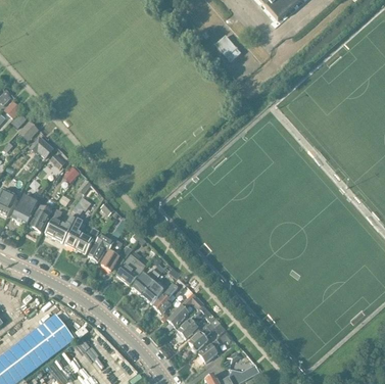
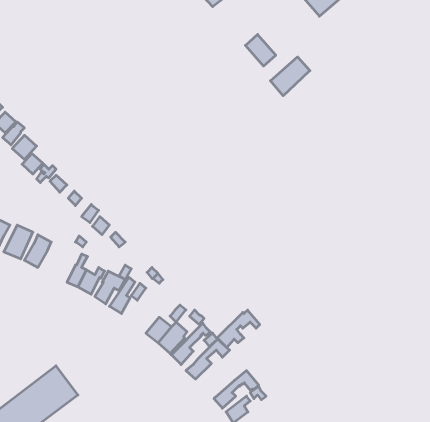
building: none -> [270,57,310,96]
building: [44,208,74,242] -> none
building: [116,254,144,284] -> none
building: [176,305,211,337] -> [217,310,260,348]

